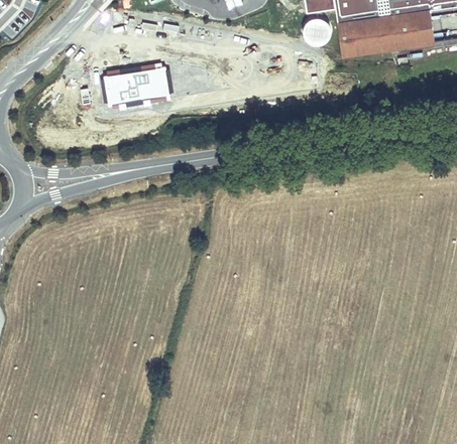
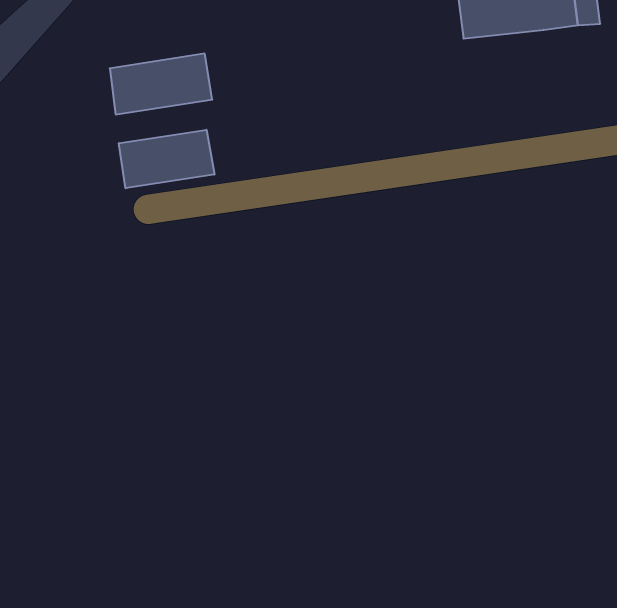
building: none -> [119,130,214,188]

